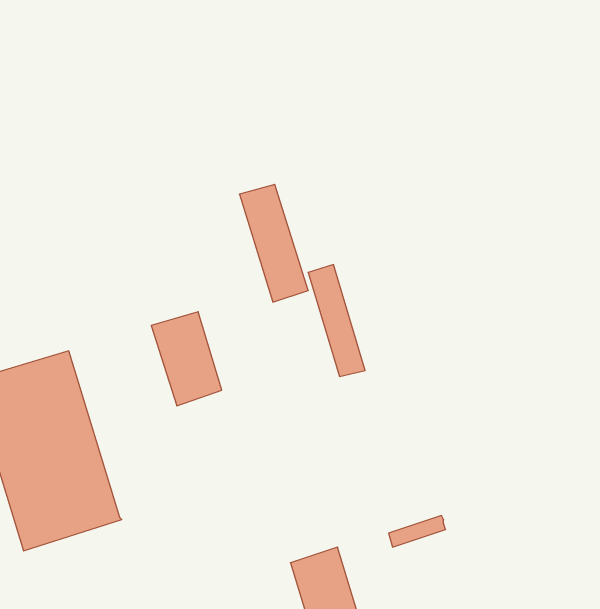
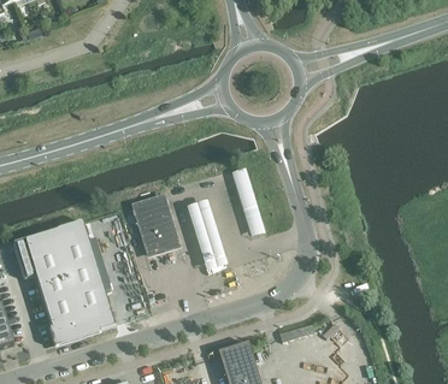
building: [239,184,308,302] -> [185,199,228,271]

